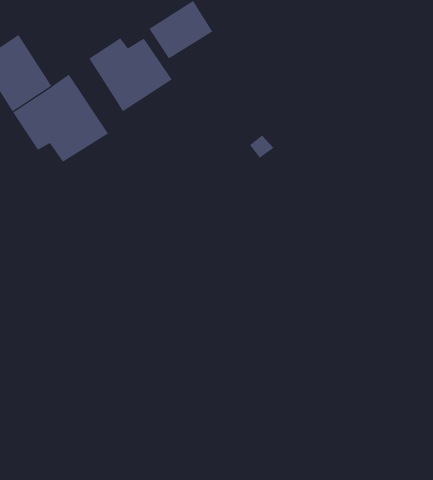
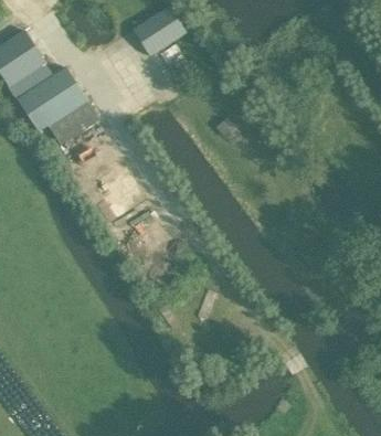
building: [88,37,172,112] -> none

